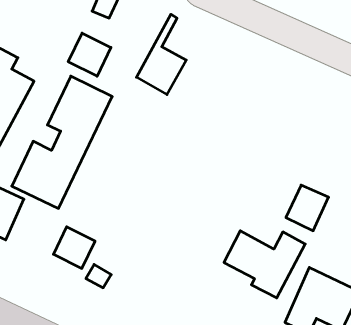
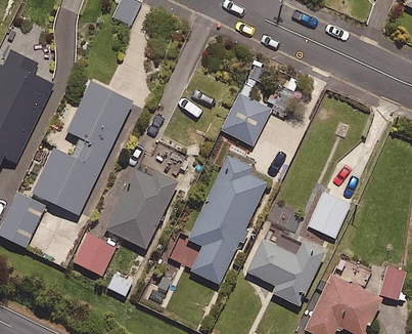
building: [136,14,186,95] -> [221,65,271,145]
building: [68,33,111,76] -> none
building: none -> [188,156,267,284]
building: none -> [105,166,176,248]

